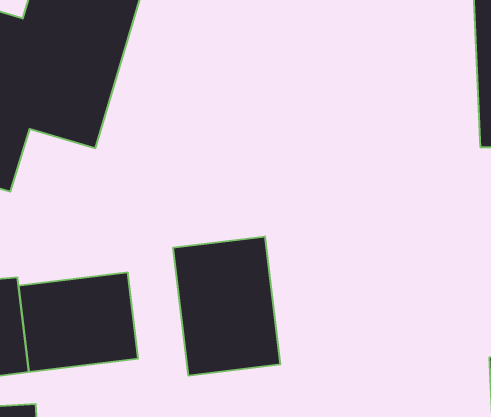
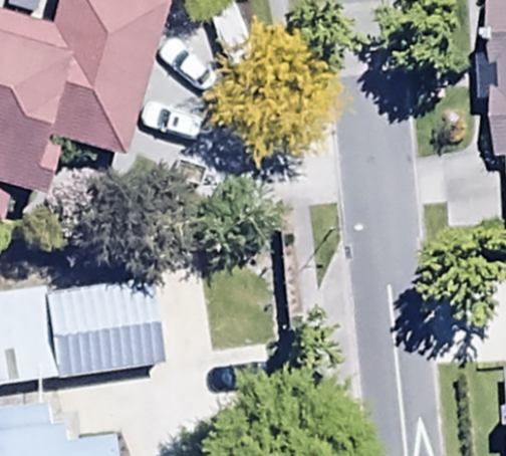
building: [173,236,280,376] -> none

